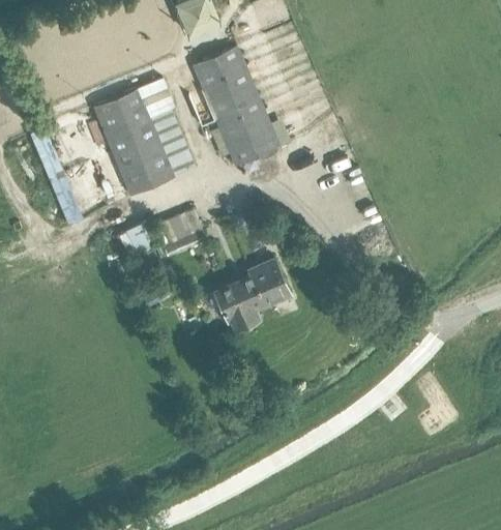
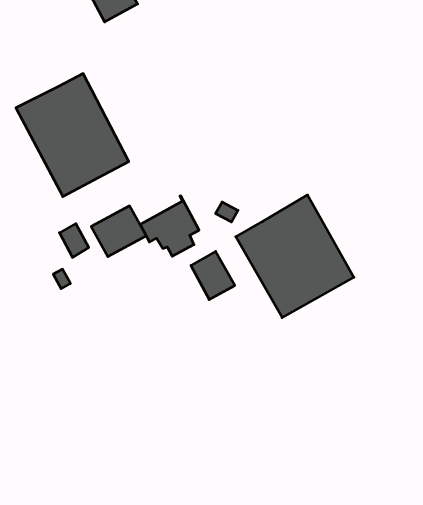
building: [194,47,277,165] -> none
building: none -> [236,195,354,318]
building: [207,272,263,329] -> [140,196,199,256]

